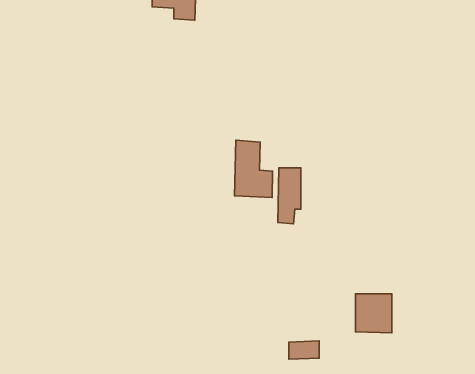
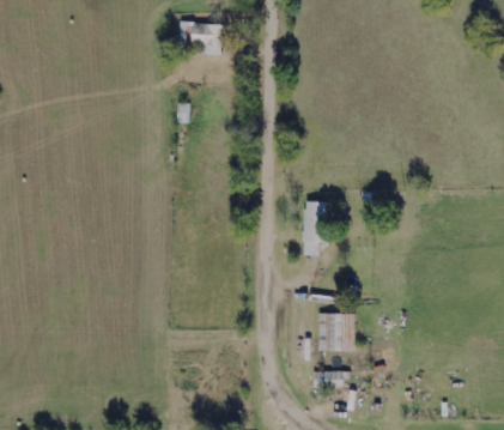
building: [235,140,273,197] -> none
building: [355,294,392,333] -> [318,313,354,351]

